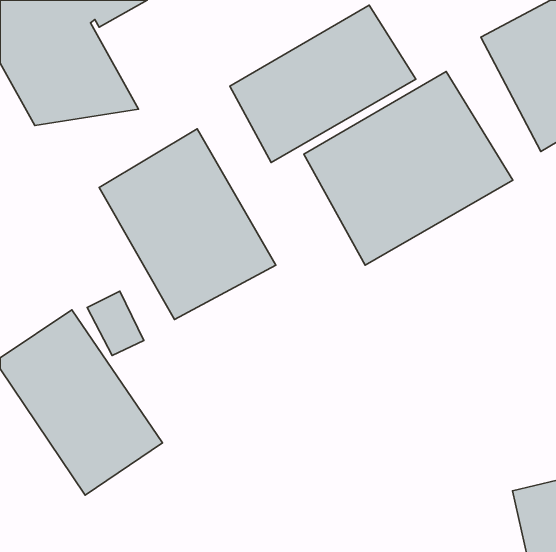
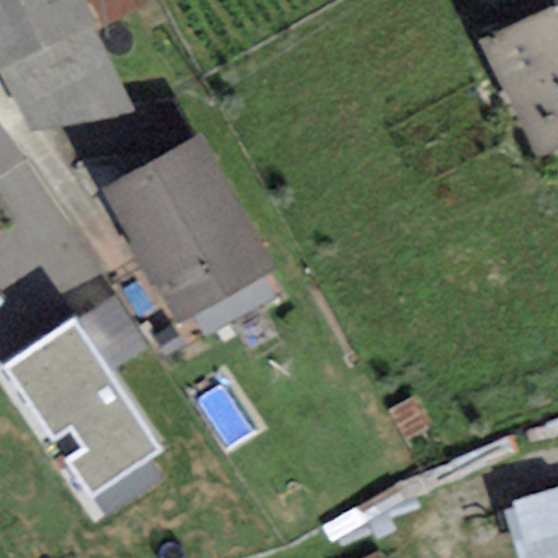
building: [230,5,416,163] -> none
building: [304,71,513,265] -> none

